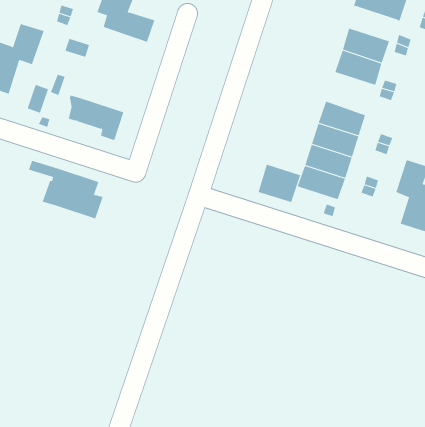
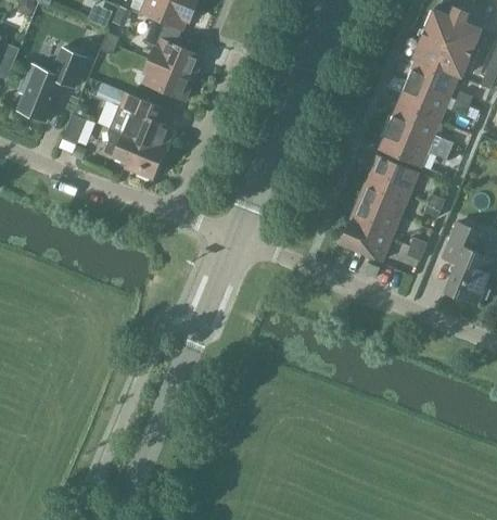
building: none -> [407,58,458,97]
building: none -> [142,59,194,100]
building: none -> [379,125,431,166]
building: [28,160,103,219] -> [97,83,174,150]
building: [258,164,301,203] -> none

